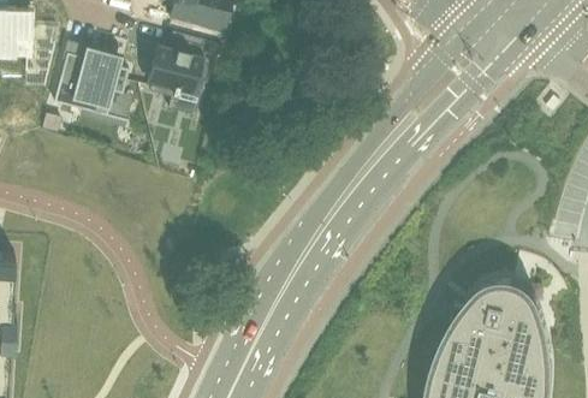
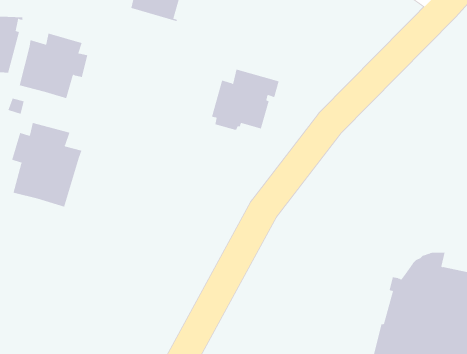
building: [144,29,218,95] -> [211,69,279,130]
building: none -> [11,122,82,207]

